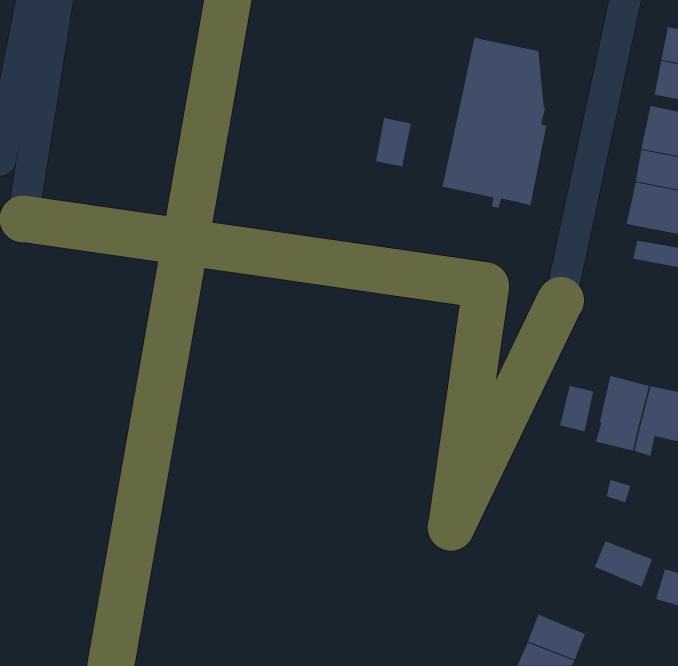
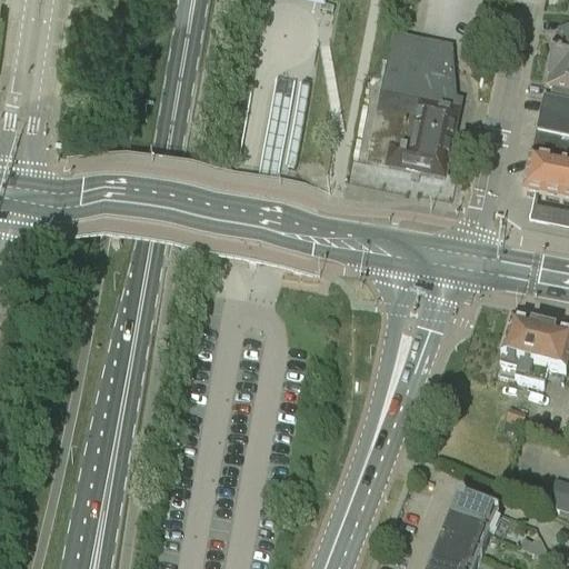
building: [376,117,412,167] -> none
building: [560,385,594,432] -> none
building: [594,540,653,587] -> [451,489,500,528]

